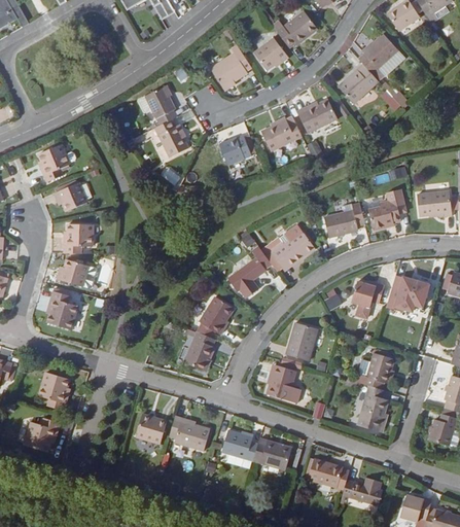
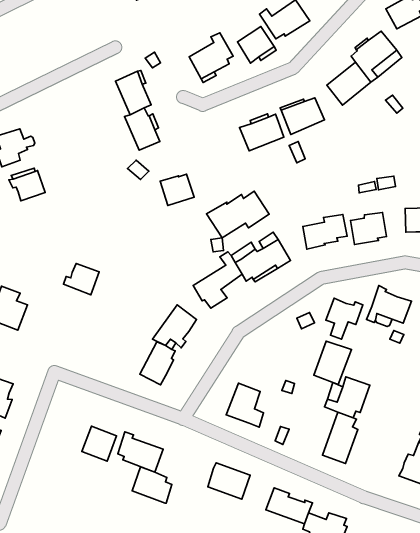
building: [219,135,251,165] -> [160,174,194,205]
building: none -> [206,191,269,238]
building: [63,223,91,252] -> none
building: [57,258,89,286] -> [64,264,99,295]
building: [285,322,318,361] -> [314,341,352,385]
building: [221,429,257,461] -> [132,467,172,503]

